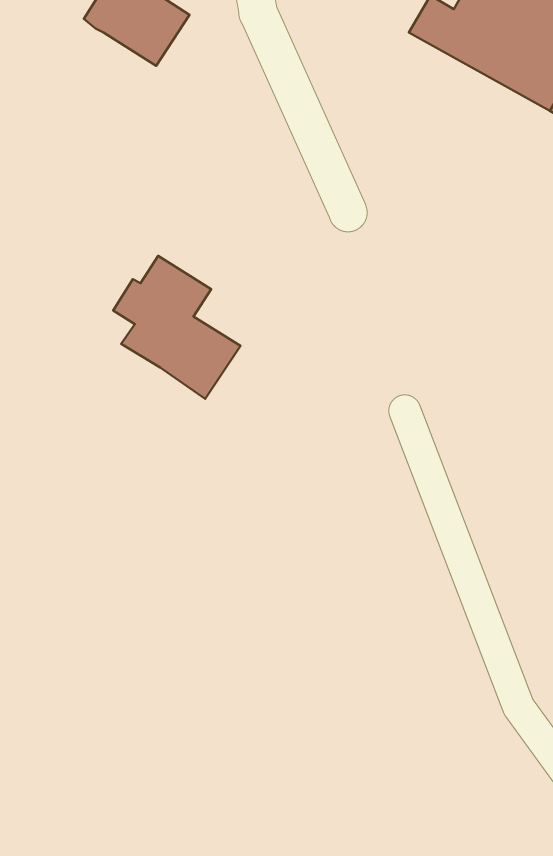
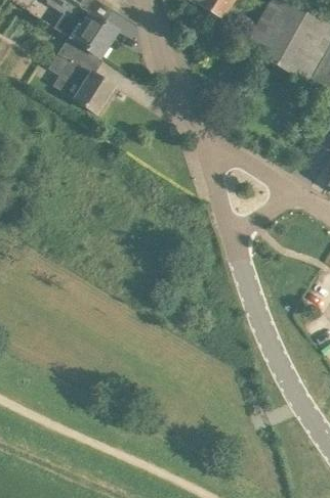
building: [113,256,240,399] -> [48,39,115,114]

